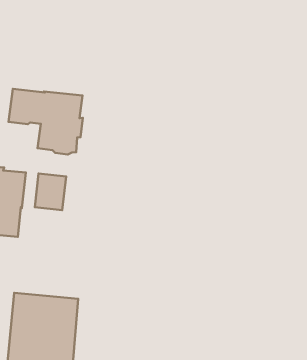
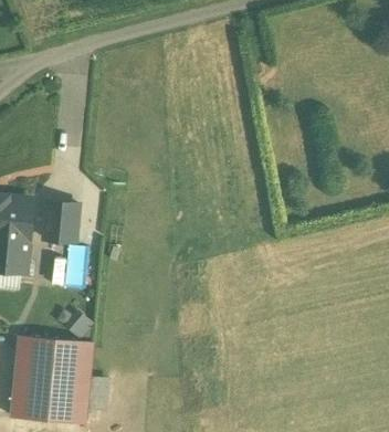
building: [8,89,83,155] -> none

